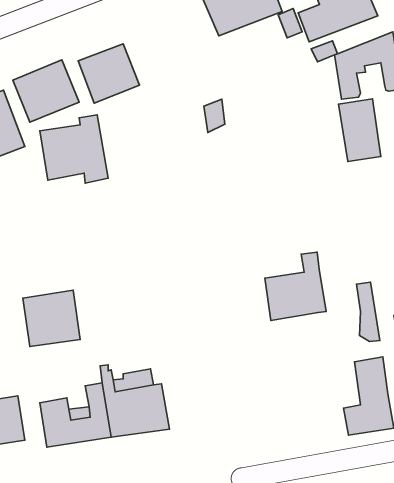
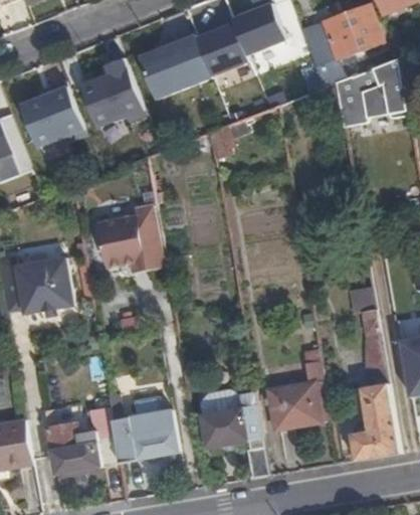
building: none -> [138,34,210,100]
building: [339,99,381,161] -> none
building: [40,115,108,183] -> [96,204,165,273]
building: [265,252,326,321] -> [267,361,329,430]
building: [23,290,80,347] -> [15,254,72,311]
building: none -> [198,389,266,478]

